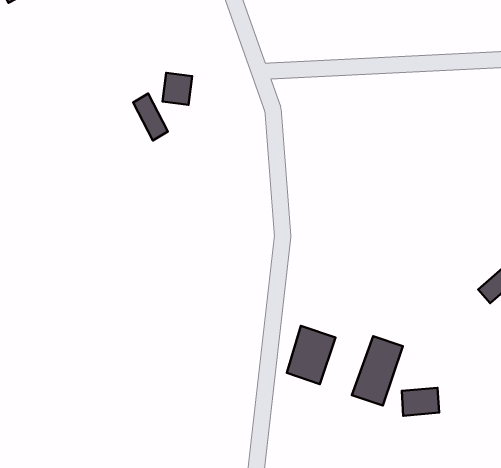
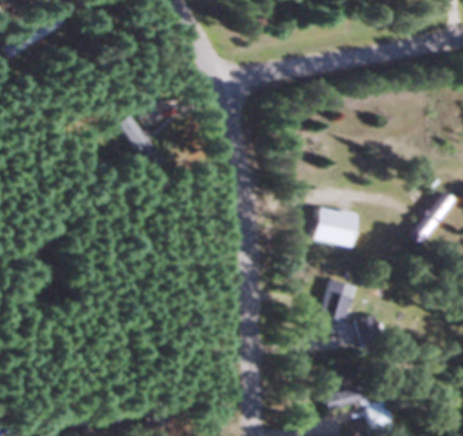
building: none -> [312,208,357,248]
building: [287,326,335,384] -> none

